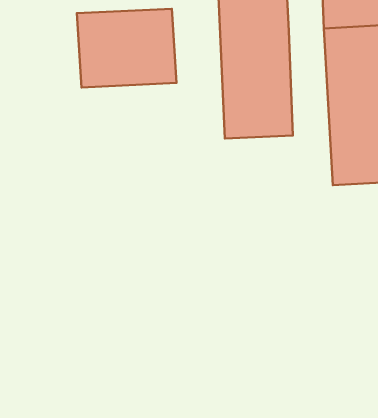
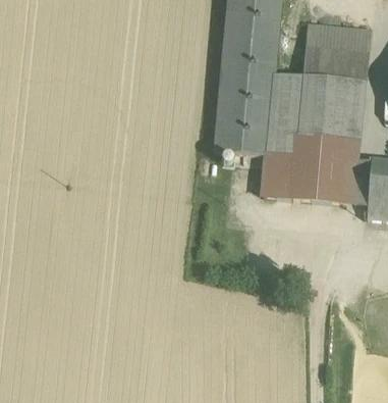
building: [77,9,176,87] -> none
building: none -> [264,73,302,198]

